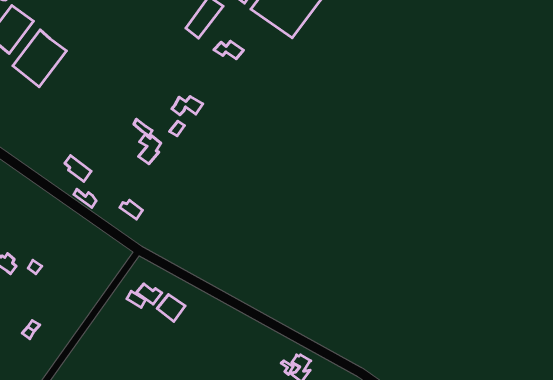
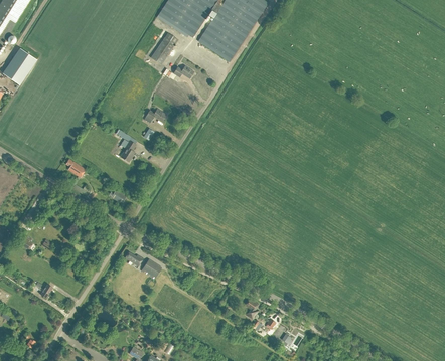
building: [13,30,67,87] -> none

